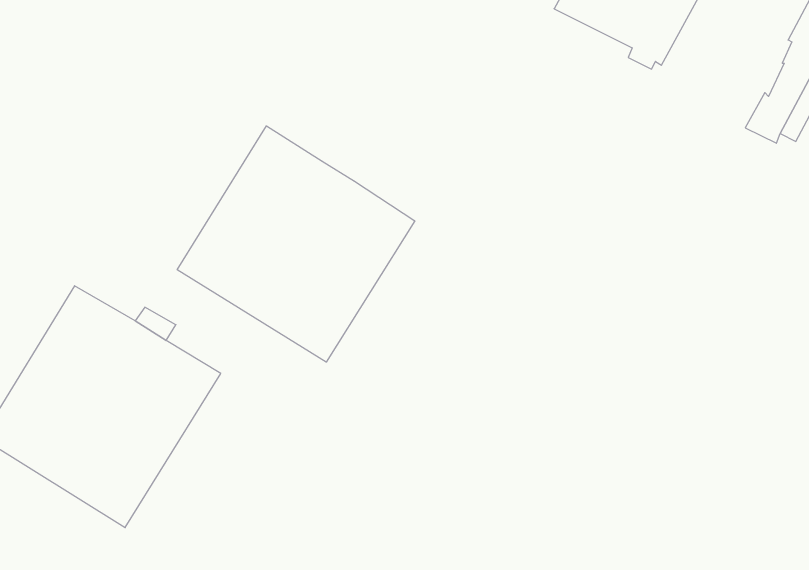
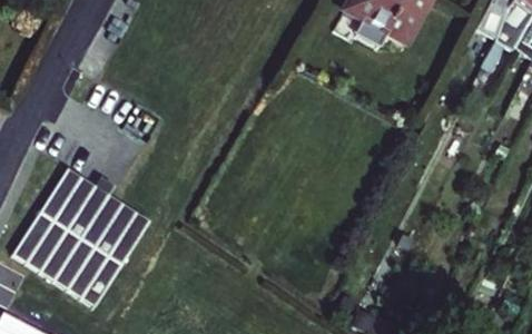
building: [177,126,415,362] -> none

